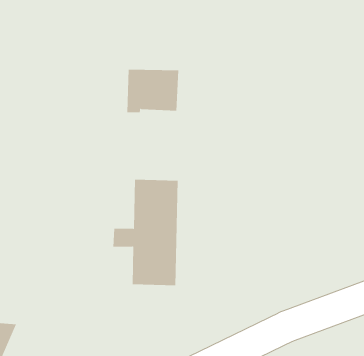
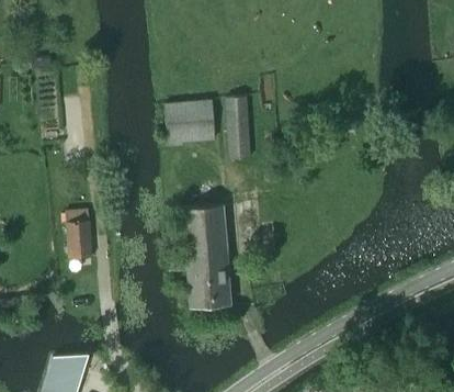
building: none -> [225,97,249,159]
building: none -> [65,221,90,257]

